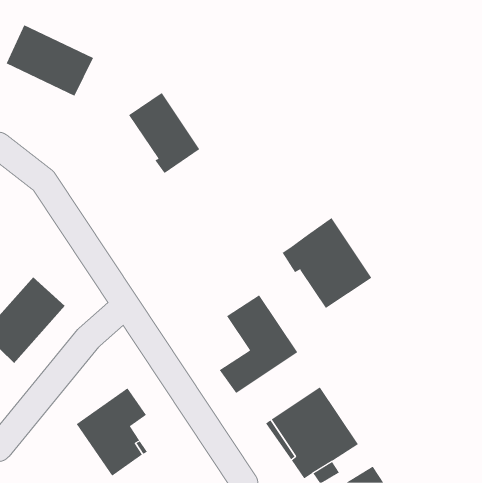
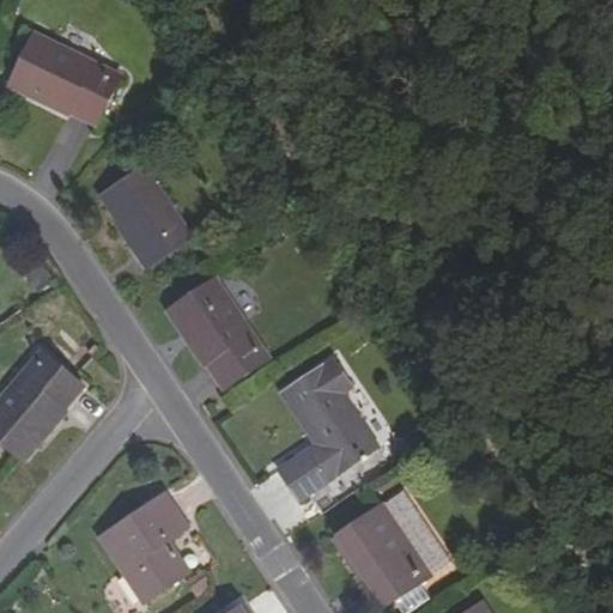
building: [128,92,200,174] -> [101,165,192,268]
building: [282,217,372,309] -> none
building: none -> [171,279,272,392]

